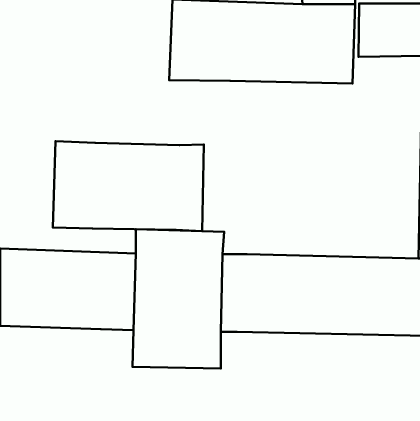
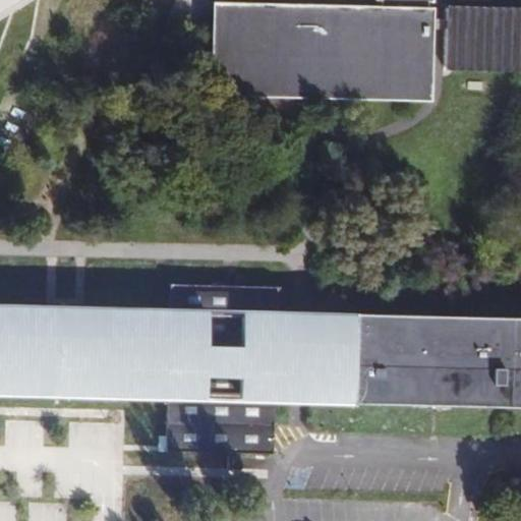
building: [53,141,204,231] -> none

